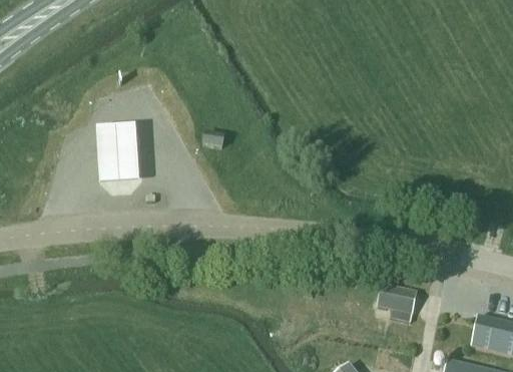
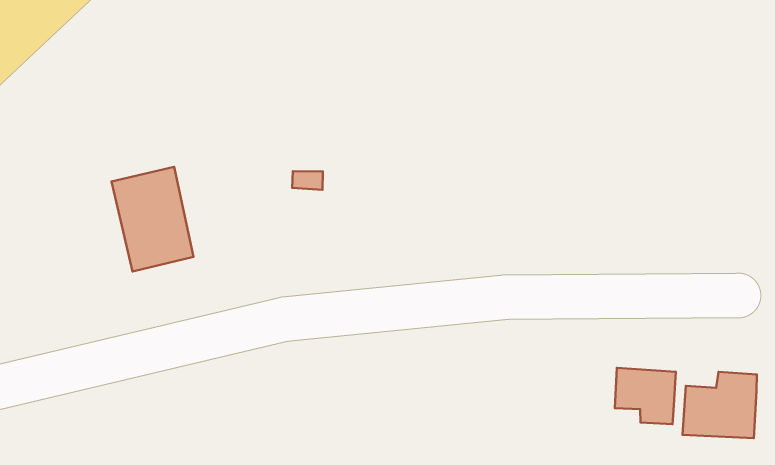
building: none -> [683,372,757,438]

